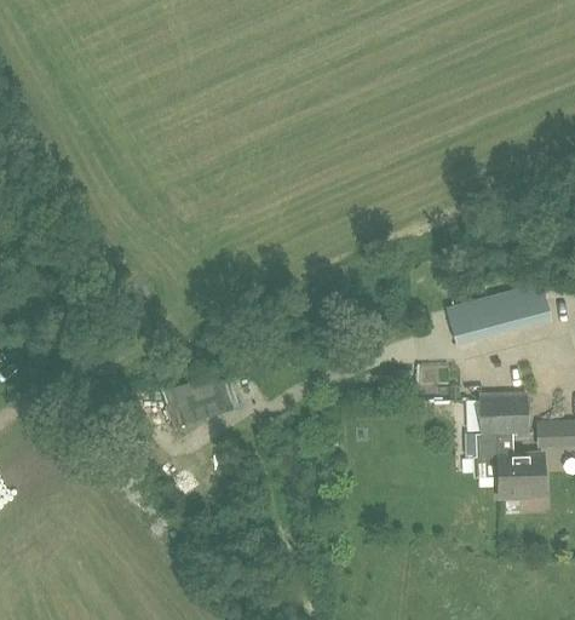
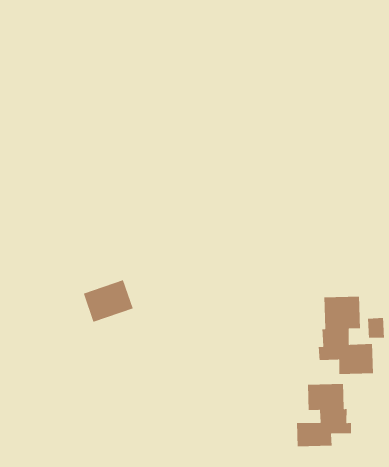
building: [448,286,551,346] -> none
building: none -> [296,383,352,447]

